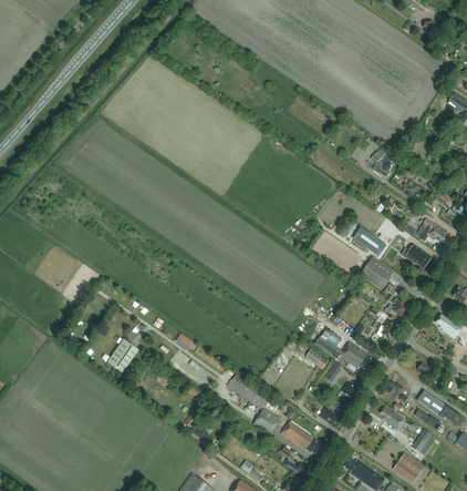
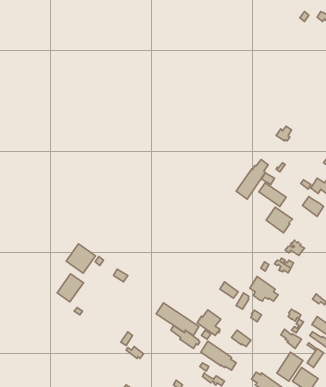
building: none -> [236,160,268,199]
building: none -> [66,244,95,273]
building: [313,328,342,359] -> [197,310,221,335]
building: none -> [277,352,303,381]

